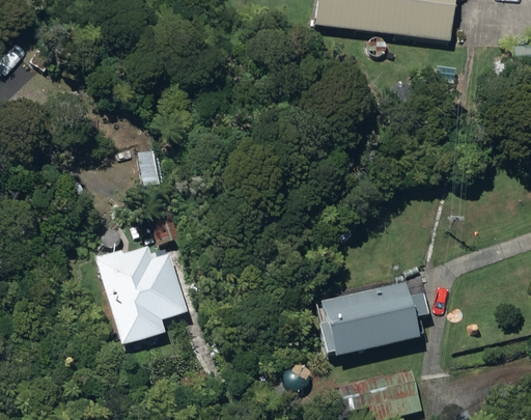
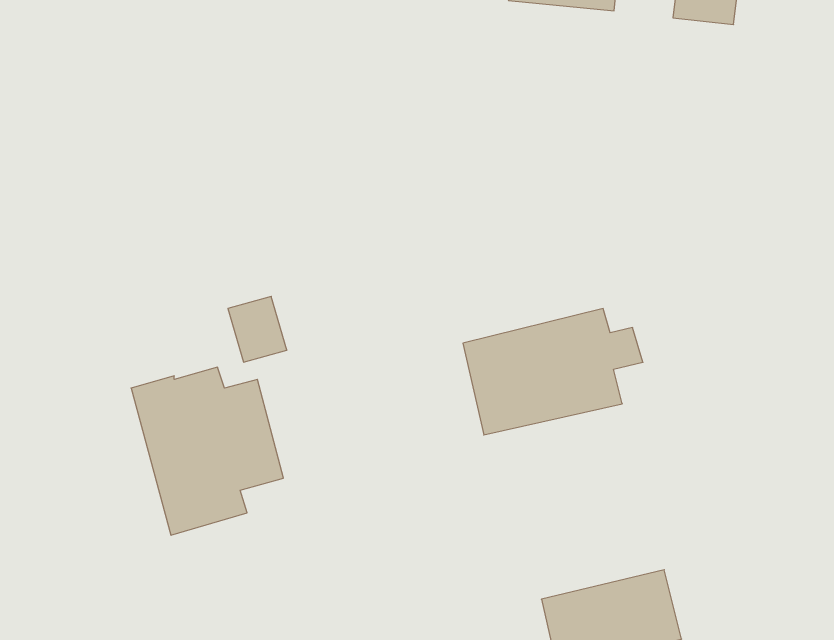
building: [320,280,428,356] -> [463,309,643,435]

